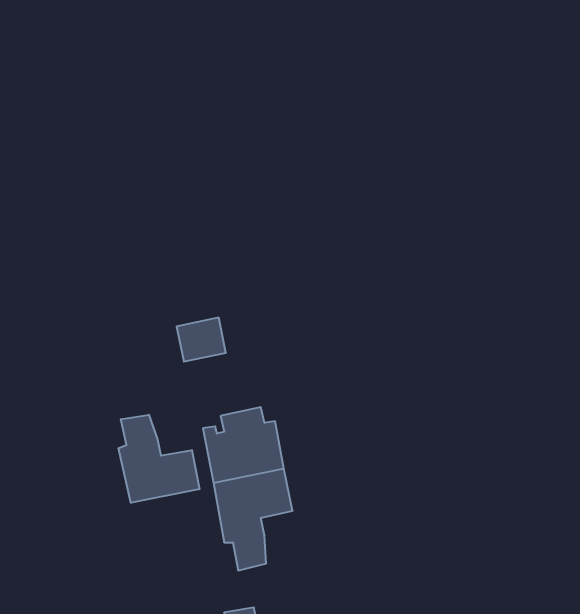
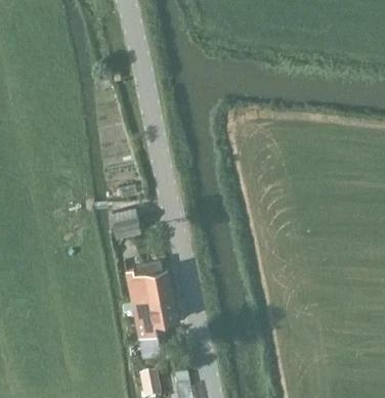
building: [119,415,199,503] -> none

